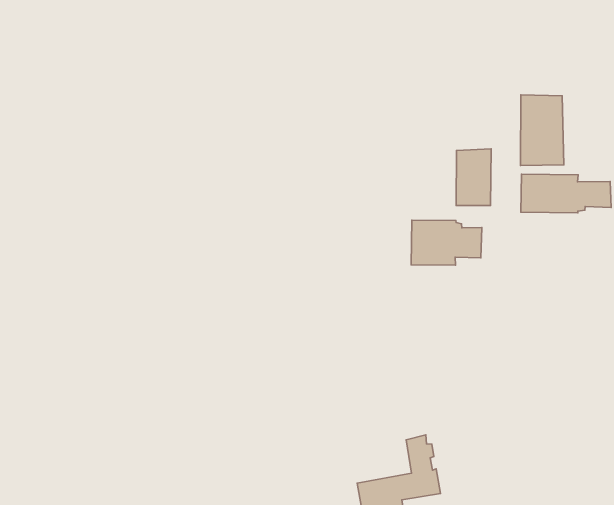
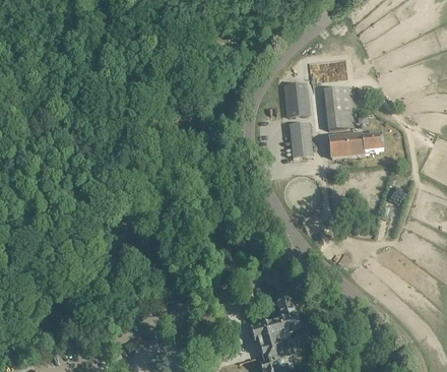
building: none -> [286,83,308,117]
building: [411,220,482,265] -> none

